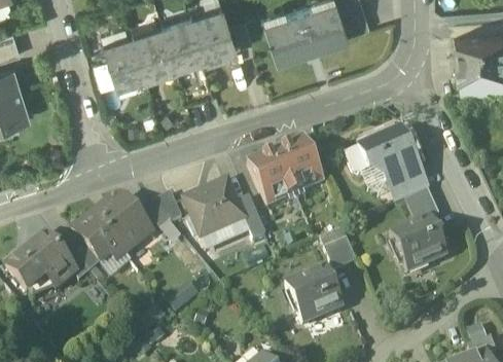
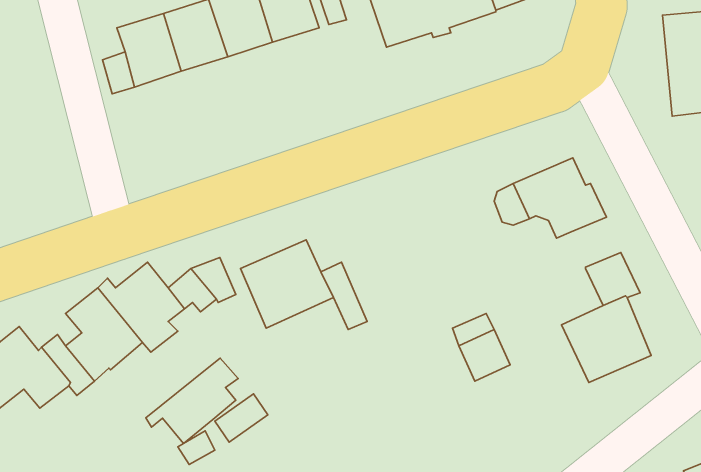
building: [248,139,325,209] -> none
building: [397,170,429,203] -> none
building: none -> [146,358,238,444]
building: [287,270,344,326] -> none

